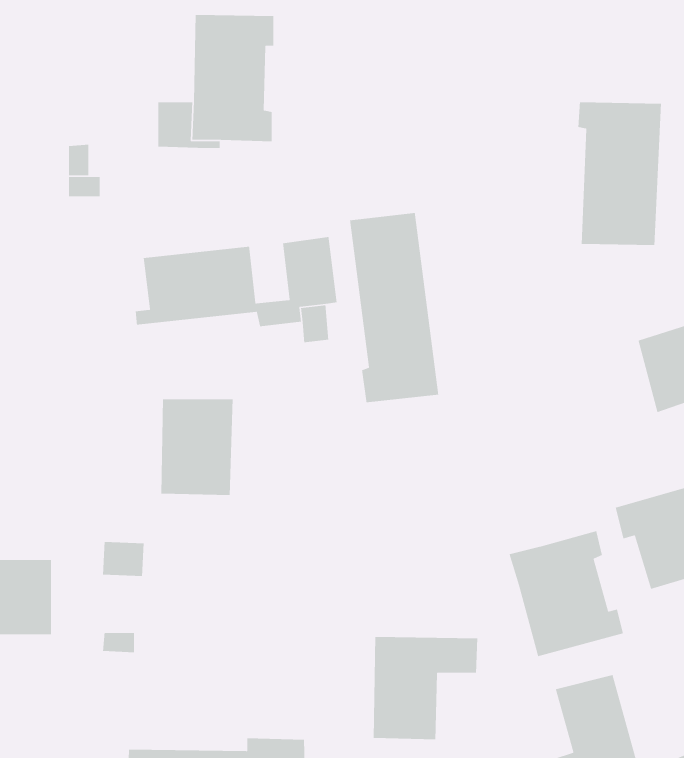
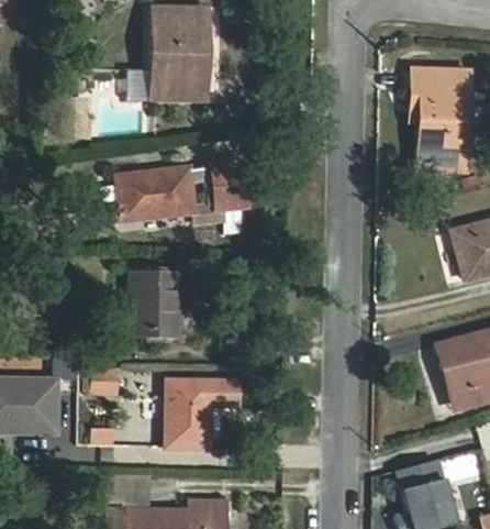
building: [349,212,439,403] -> none
building: [509,530,624,657] -> none
building: [373,636,478,740] -> [167,377,238,448]

